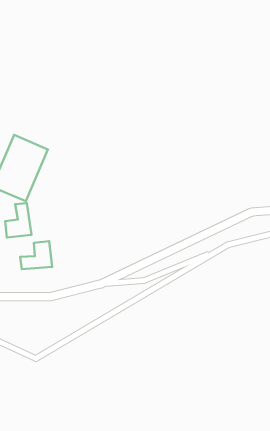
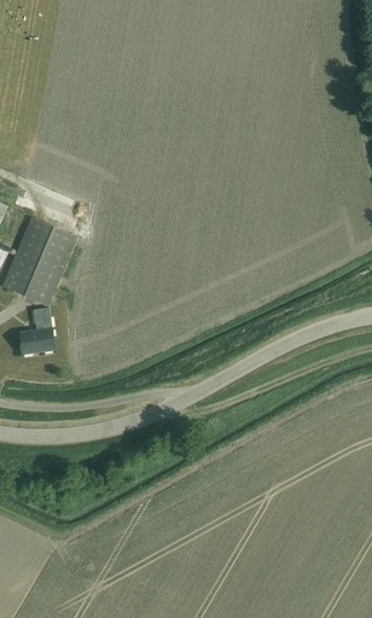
building: [20,241,52,269] -> none

